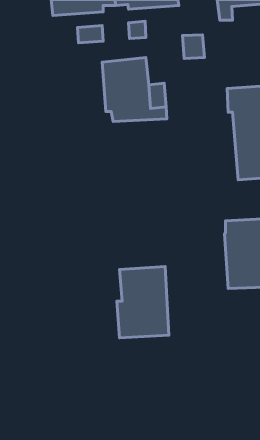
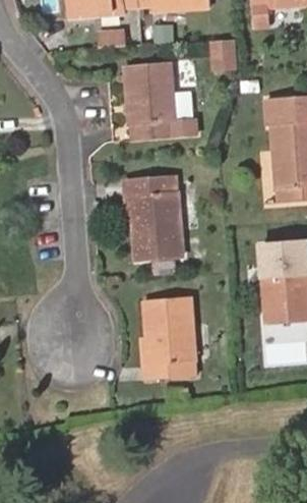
building: none -> [123,178,185,259]

